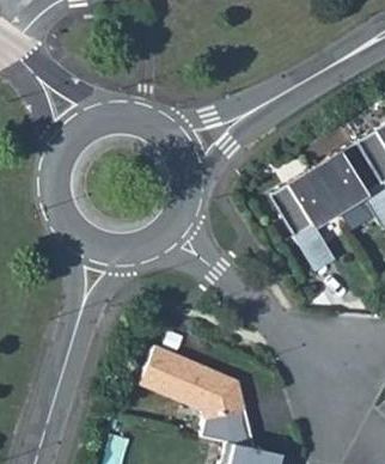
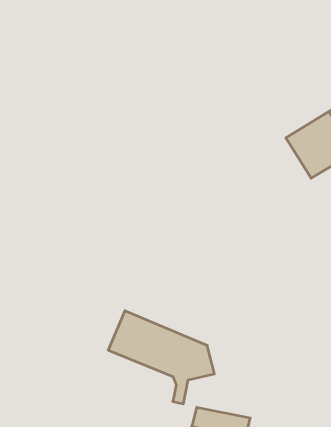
building: [273,172,342,250] -> none

